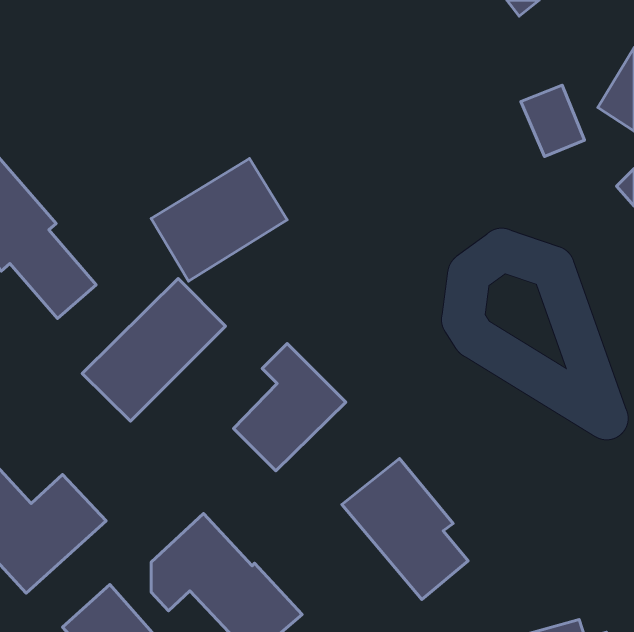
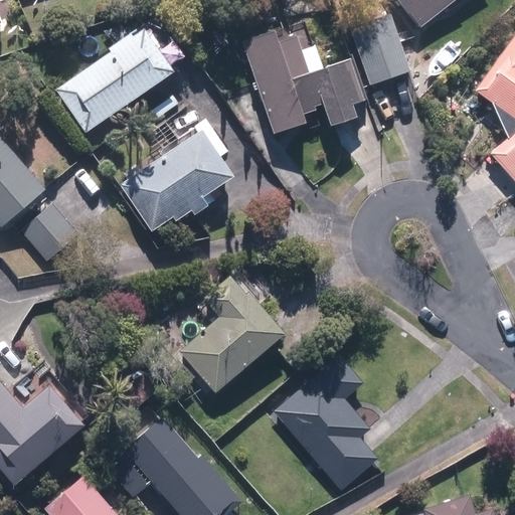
building: none -> [61,27,175,132]
building: none -> [239,33,365,133]
building: [521,85,584,156] -> [349,12,400,69]
building: [82,279,225,421] -> none

